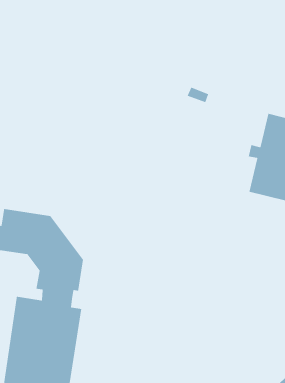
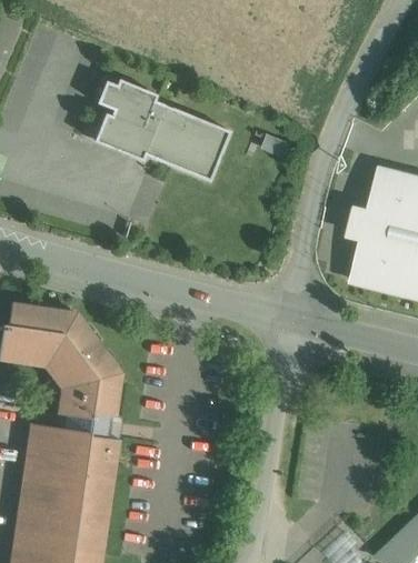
building: none -> [93,79,230,182]

